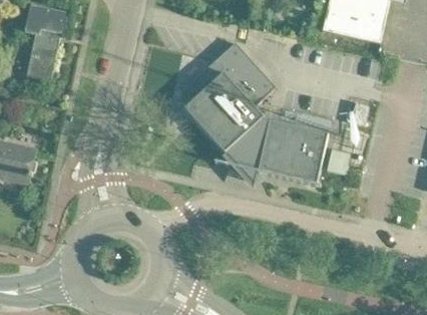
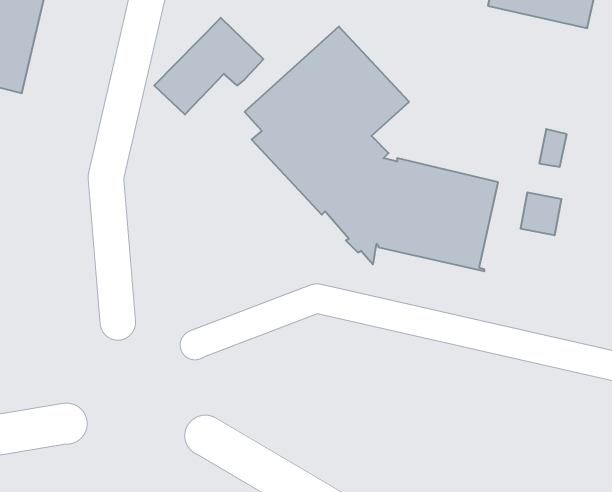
building: none -> [154,18,263,115]

